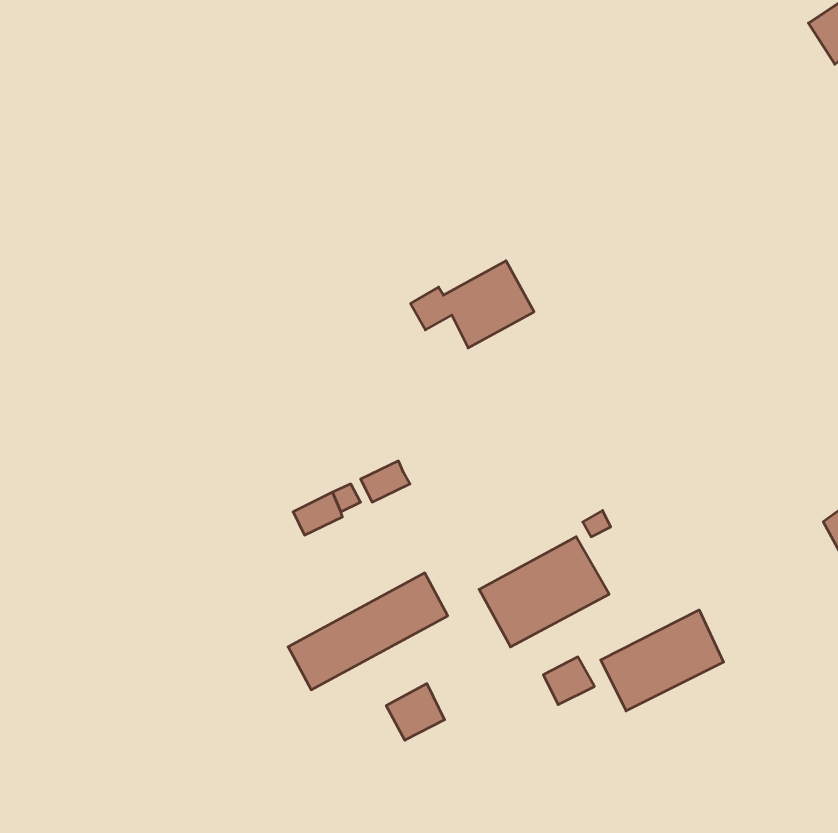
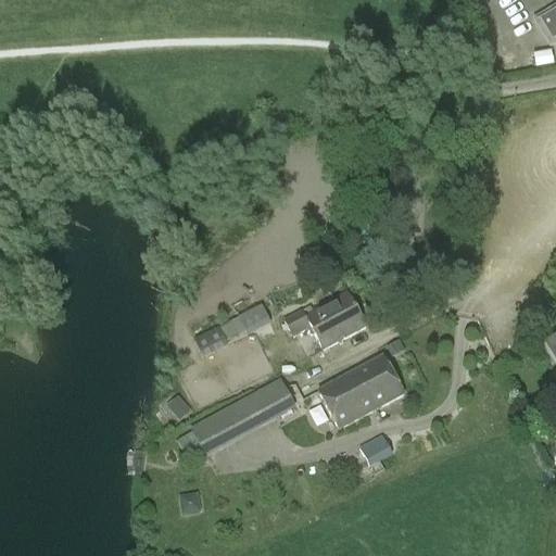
building: [411,261,534,348] -> [285,290,366,348]
building: [601,610,724,711] -> none
building: [386,684,445,740] -> none

